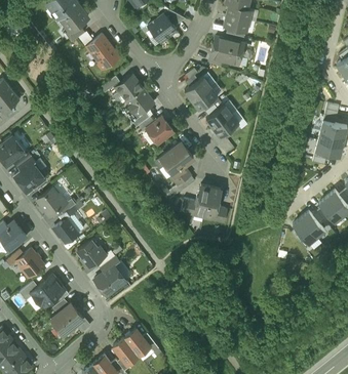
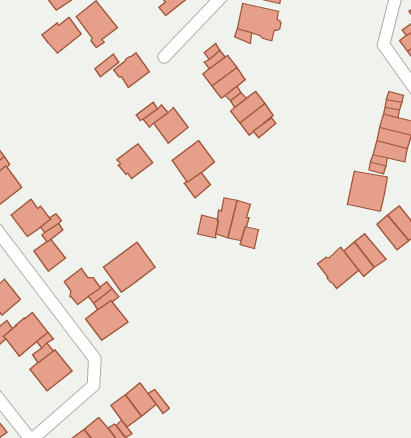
building: none -> [42,17,81,53]
building: [126,88,154,115] -> [117,144,153,179]
building: none -> [348,171,387,211]
building: none -> [103,242,155,292]
building: none -> [318,247,359,289]

